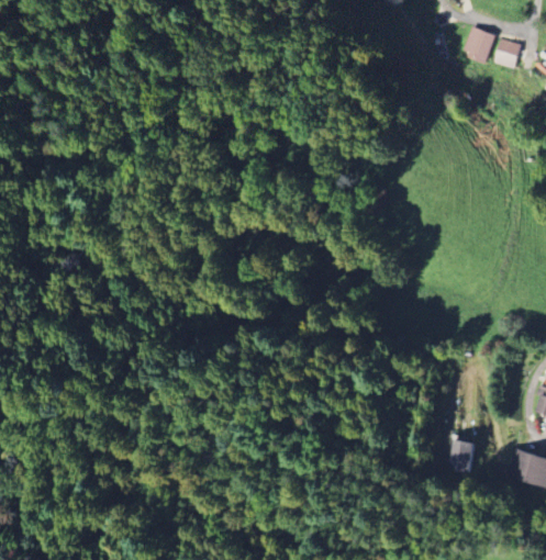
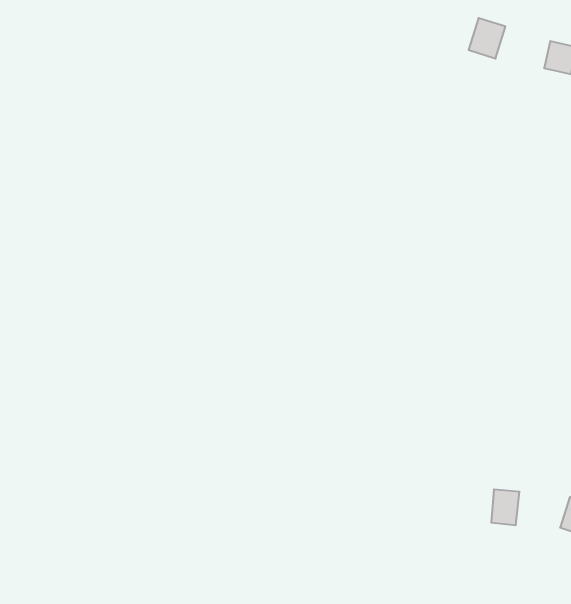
building: [465,27,498,64] -> [469,18,505,59]

